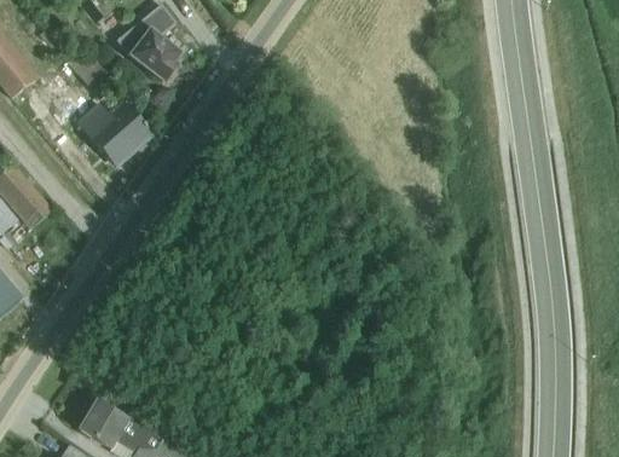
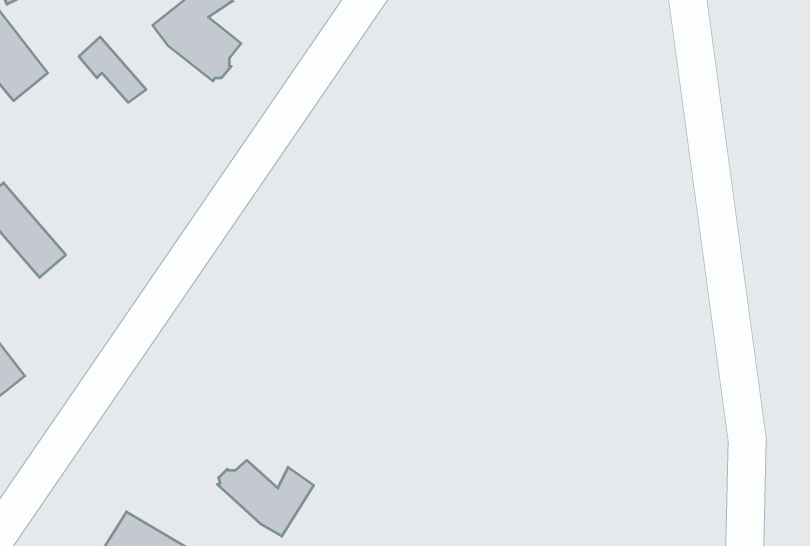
building: [77,100,152,166] -> none
building: none -> [217,460,314,536]

